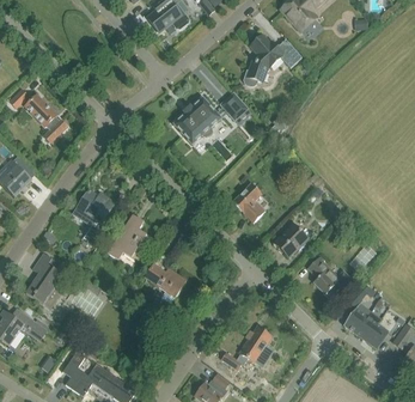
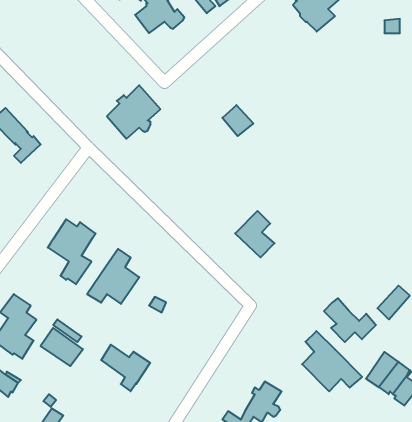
building: [243,33,301,85] -> none
building: [175,97,220,142] -> [107,85,160,139]
building: [274,223,307,257] -> none
building: [145,263,187,303] -> [101,345,150,391]
building: none -> [302,331,362,391]

